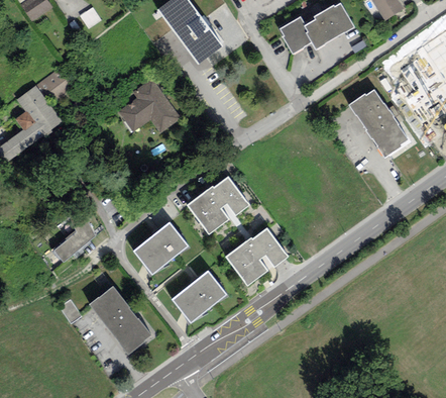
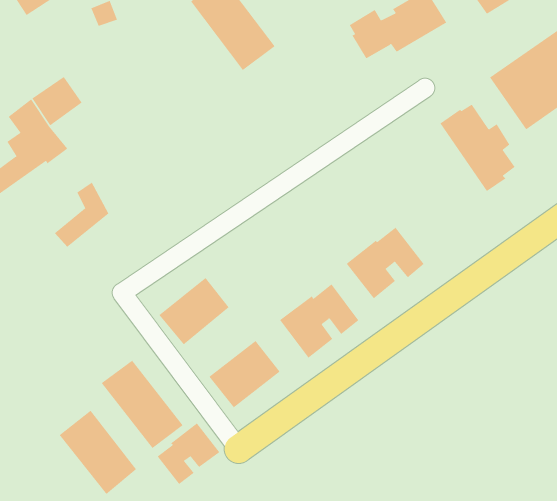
building: [119,78,181,132] -> none
building: [189,176,249,231] -> [346,227,425,299]
building: [53,211,96,262] -> [54,182,109,248]
building: none -> [59,410,137,495]
building: none -> [157,423,220,485]

